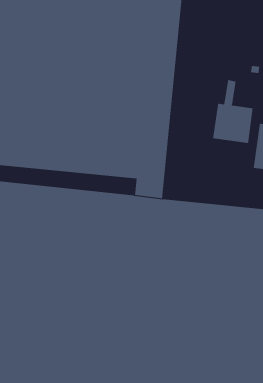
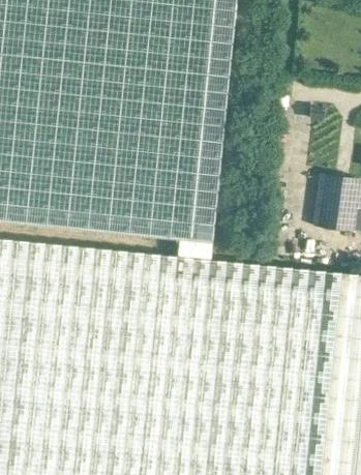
building: [212,79,253,144] -> none

